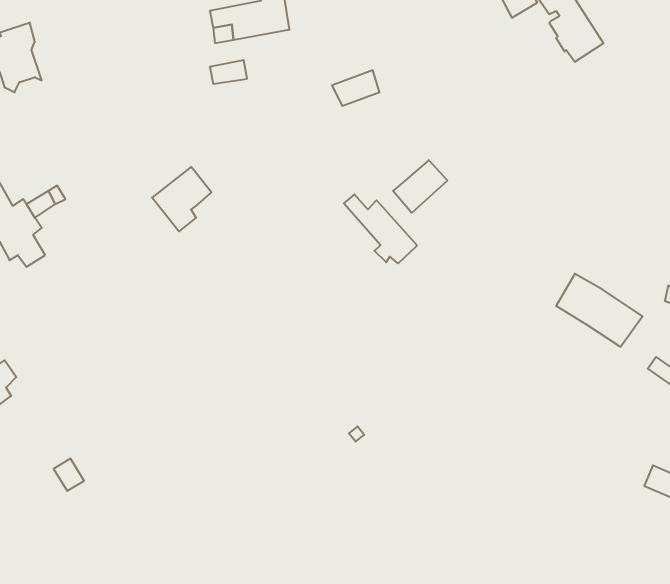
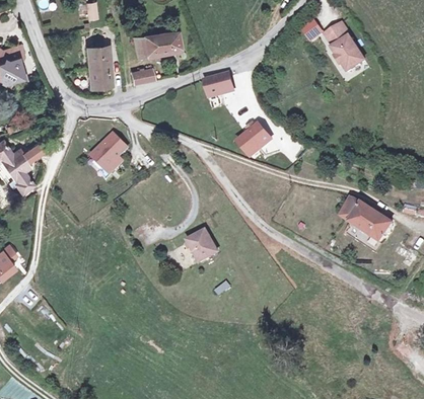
building: none -> [86,46,112,87]
building: [344,194,417,263] -> none
building: none -> [190,232,217,262]

